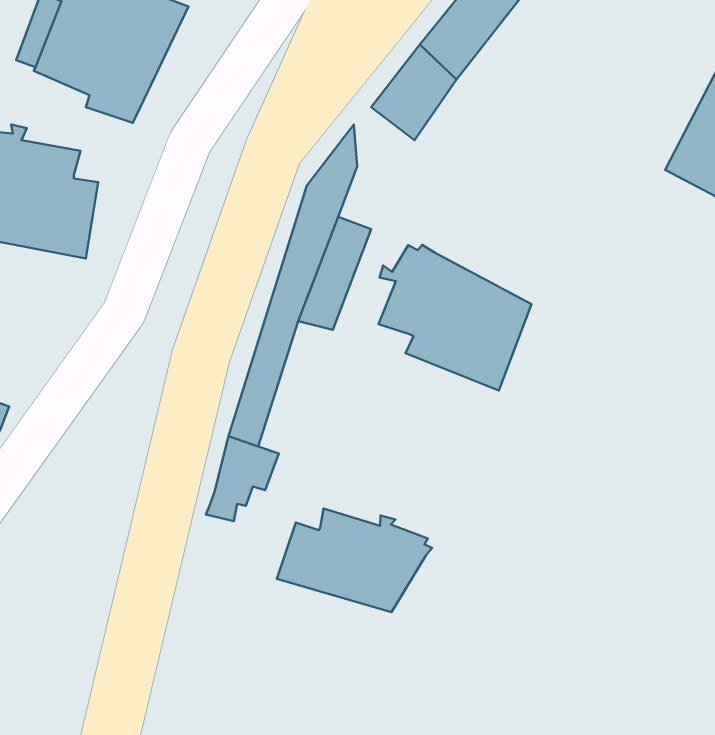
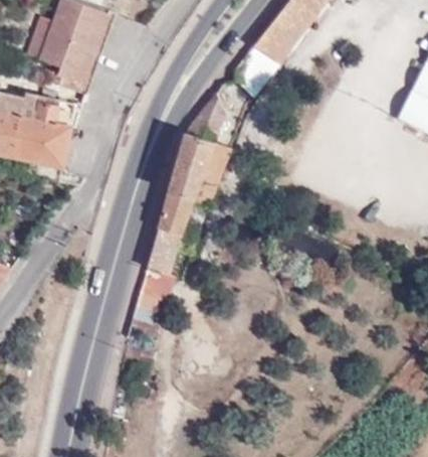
building: [378,245,532,391] -> none
building: [277,509,432,612] -> none

